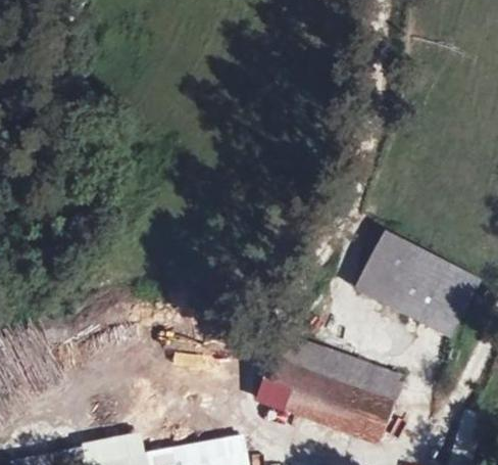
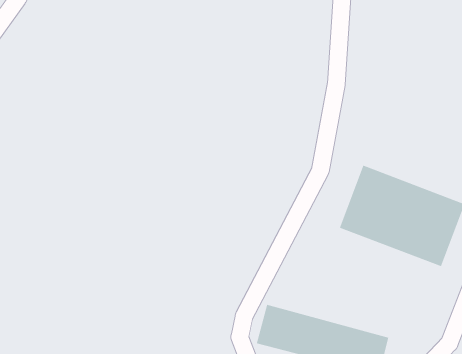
building: [275,335,404,405] -> none

